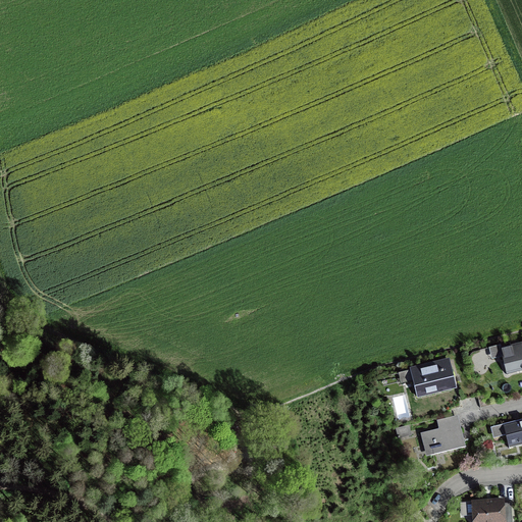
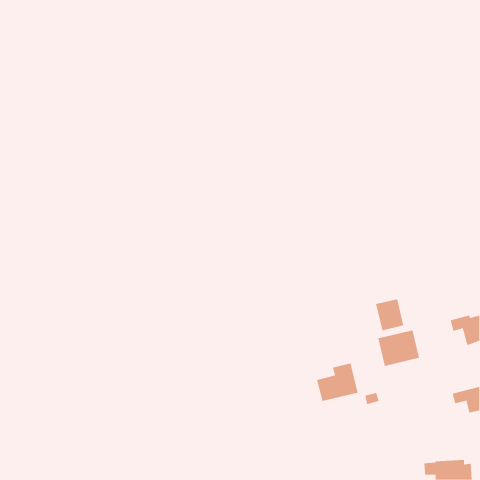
building: none -> [376,298,404,331]
building: [420,415,466,457] -> [316,363,359,401]

